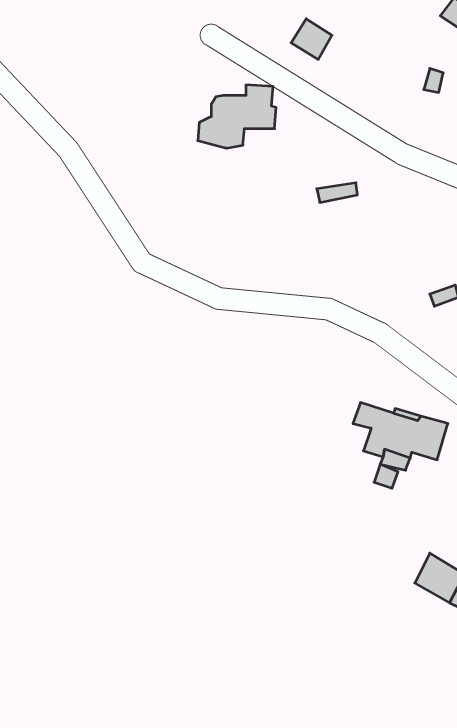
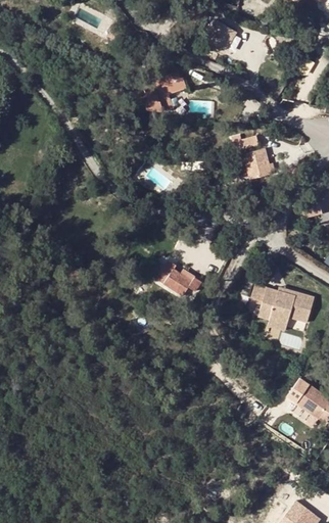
building: none -> [242,146,270,177]
building: none -> [154,265,200,297]

